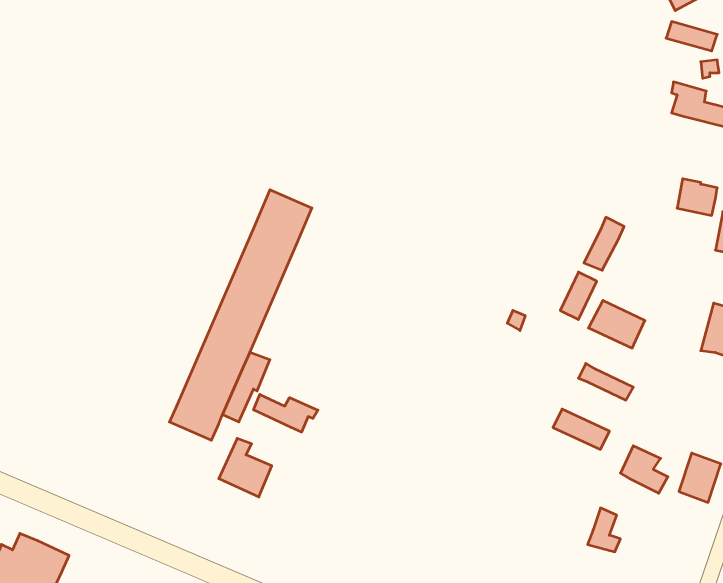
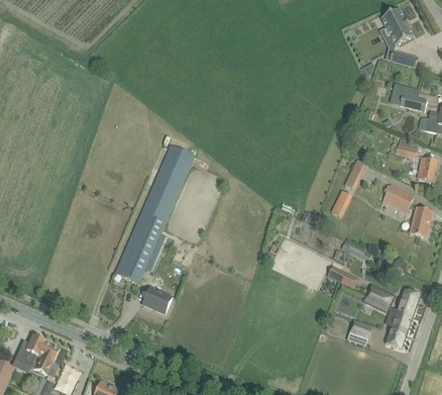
building: [588,300,645,348] -> [382,184,414,210]
building: [254,394,318,432] -> none
building: none -> [385,310,413,348]

